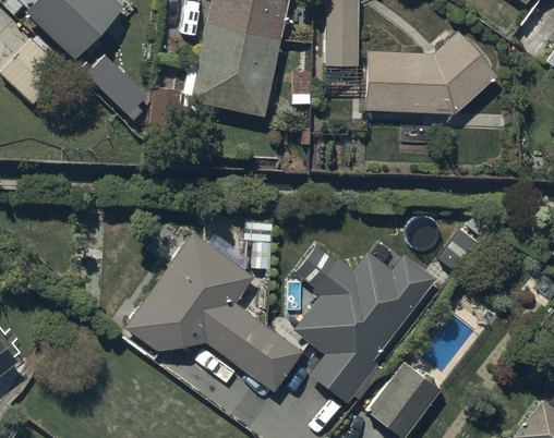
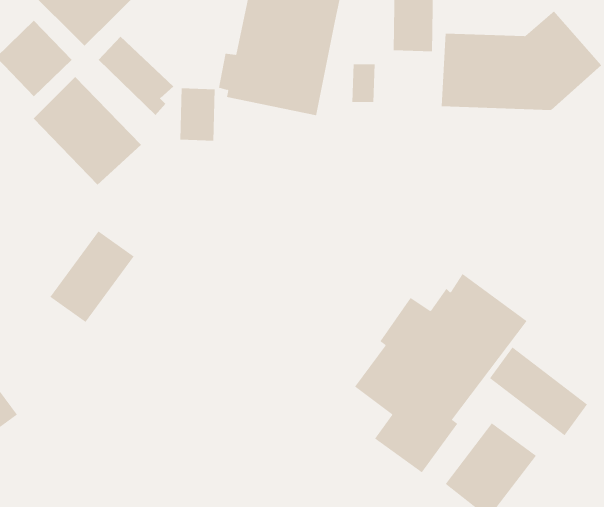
building: none -> [33,76,142,186]
building: none -> [50,231,134,323]
building: [124,235,303,394] -> none
building: none -> [489,347,588,436]

